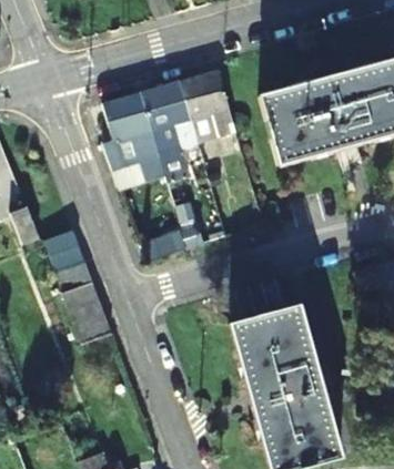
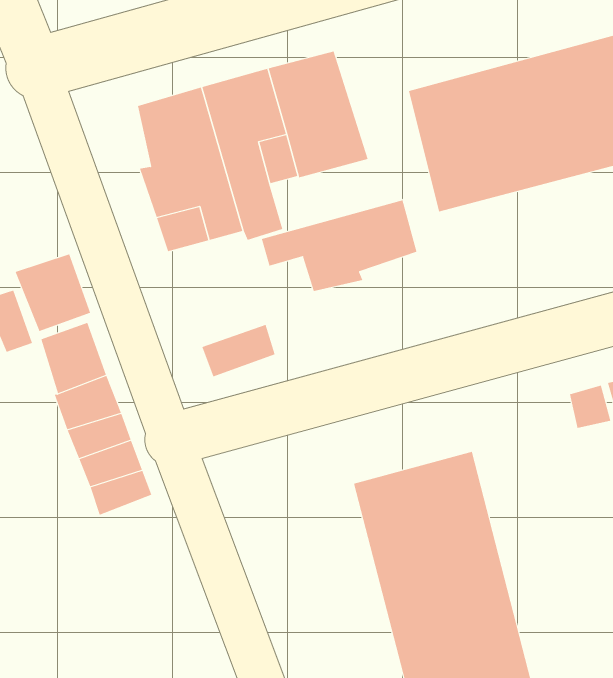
building: none -> [261,199,417,292]
building: none -> [15,254,91,332]

